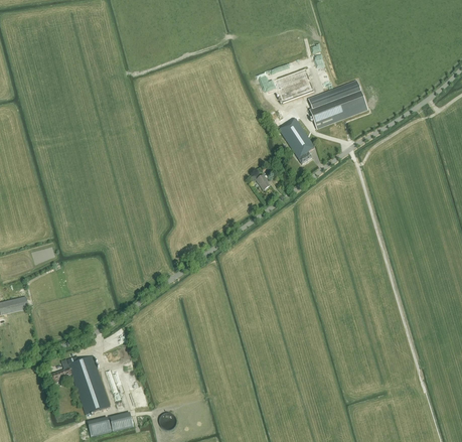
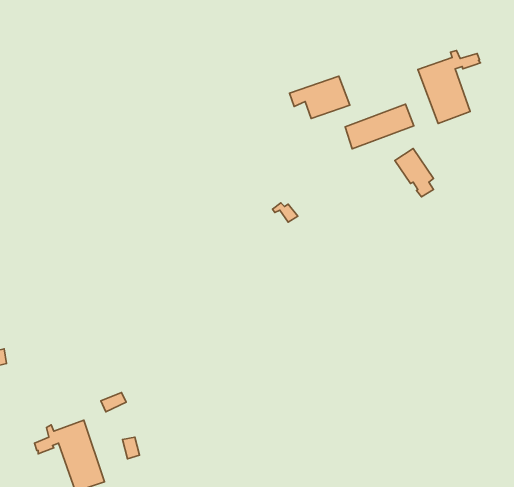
building: none -> [418,51,481,123]
building: [280,122,312,162] -> [395,148,434,197]

